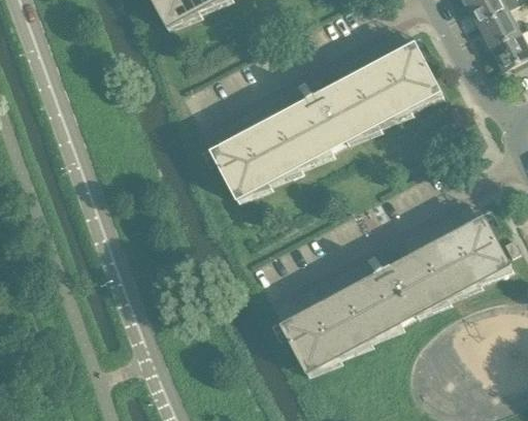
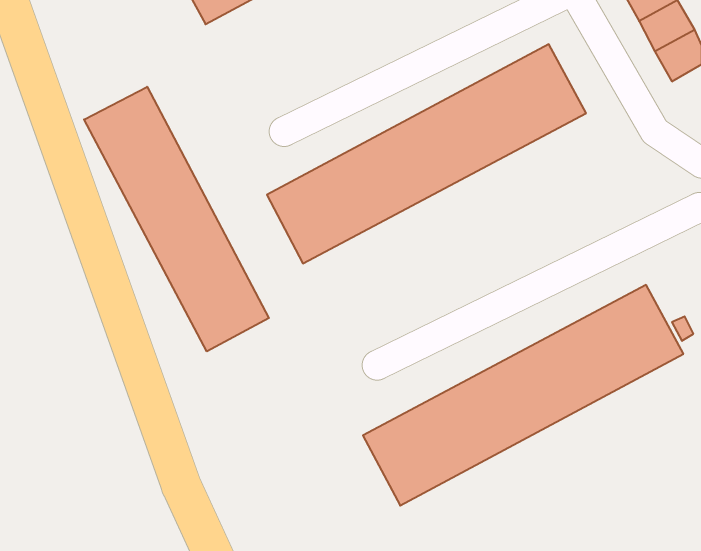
building: none -> [84,87,269,351]

